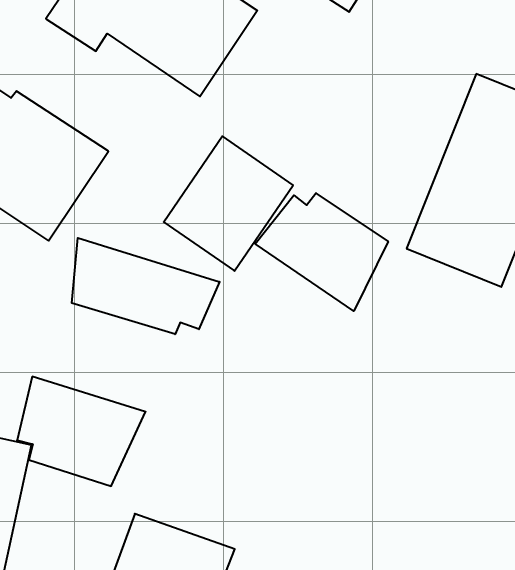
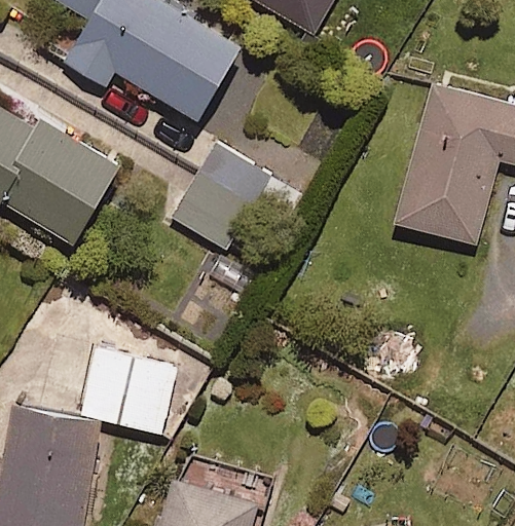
building: [255,193,388,311] -> none
building: [72,238,220,334] -> none

